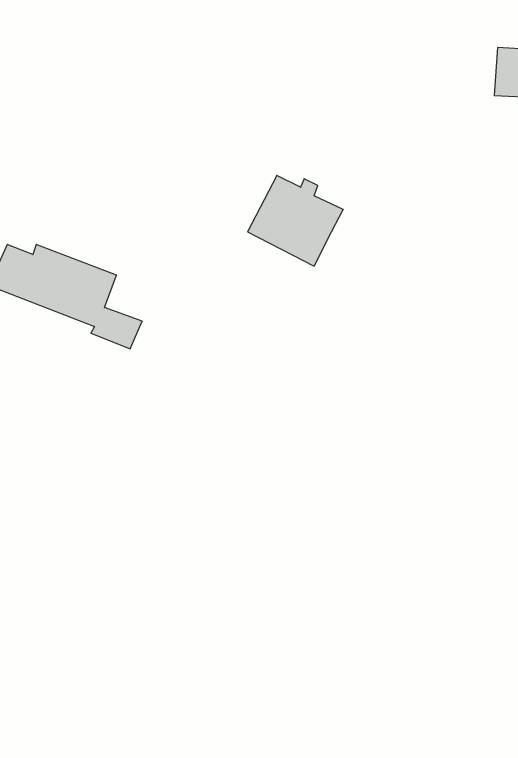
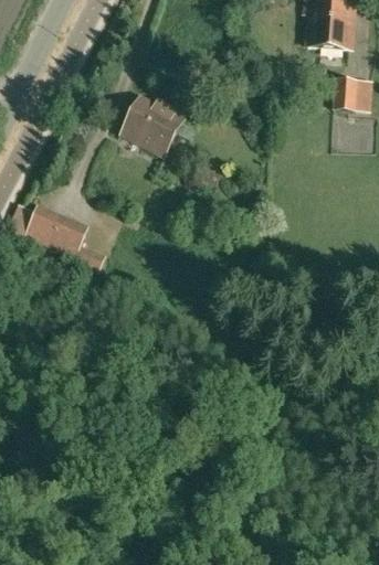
building: [248,175,343,266] -> [120,94,182,152]

